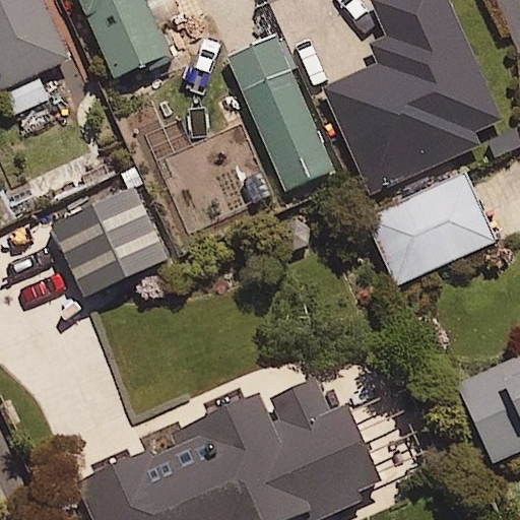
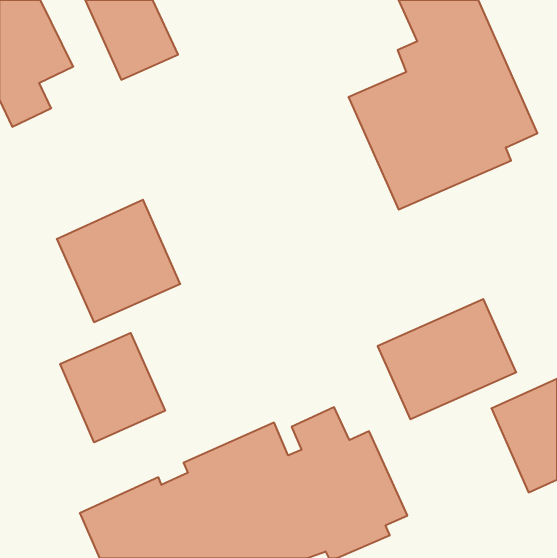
building: [231,43,332,194] -> none
building: [365,177,494,288] -> [378,299,516,419]
building: none -> [60,333,165,442]

